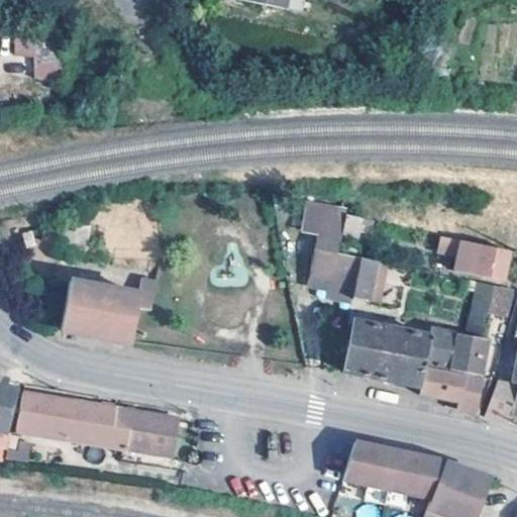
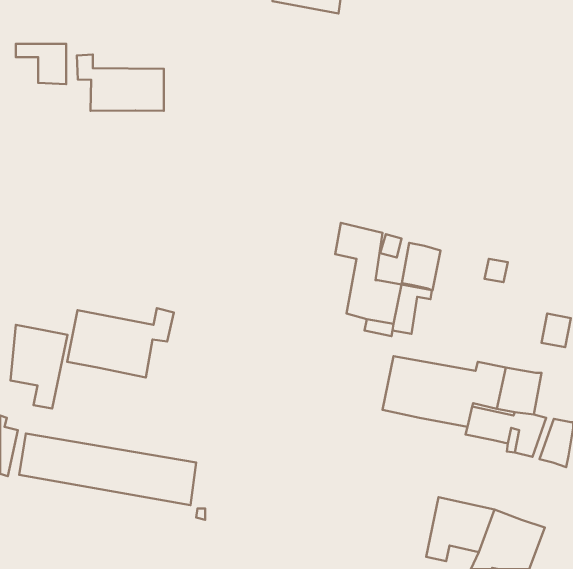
building: none -> [77,54,164,111]
building: none -> [402,243,440,290]
building: [455,239,510,279] -> none
building: [466,278,493,336] -> none
building: none -> [10,325,68,409]
building: [343,439,395,502] -> none

